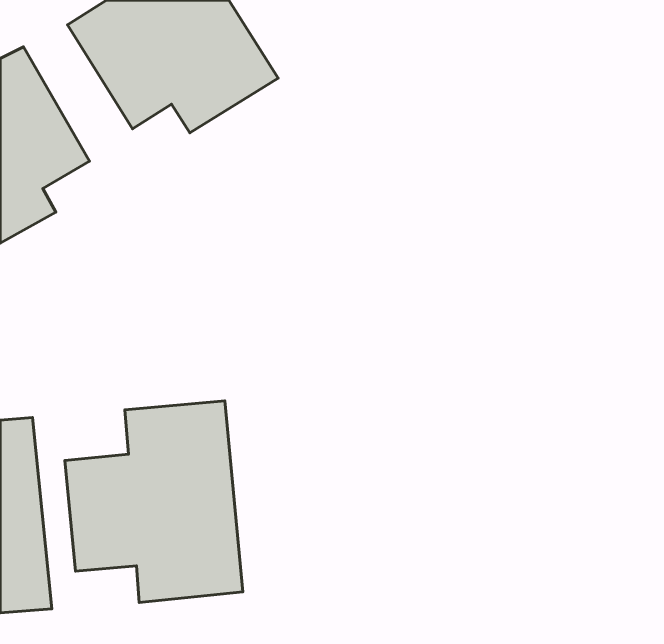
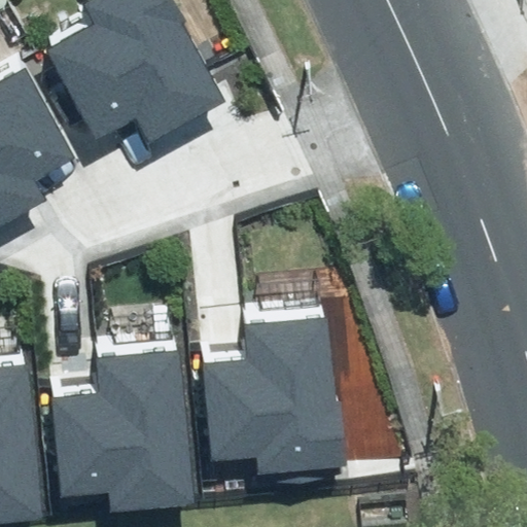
building: none -> [199,304,345,478]

